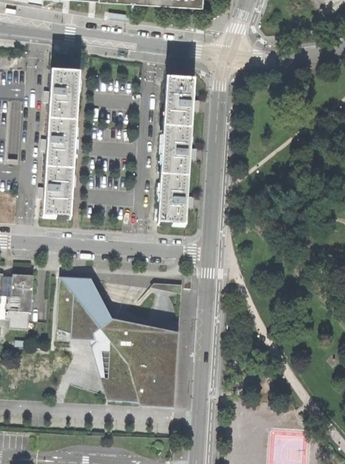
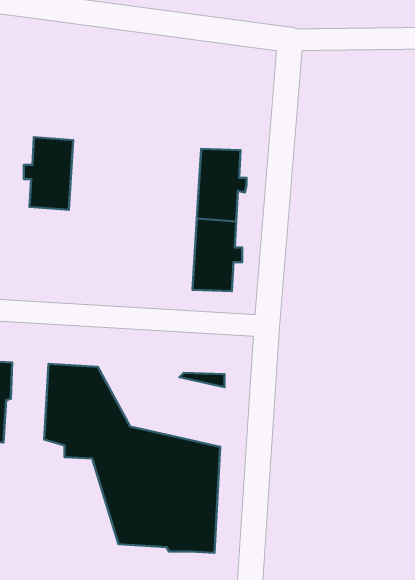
building: [44,70,80,120] -> none
building: [164,77,198,127] -> none
building: [39,166,73,217] -> none

